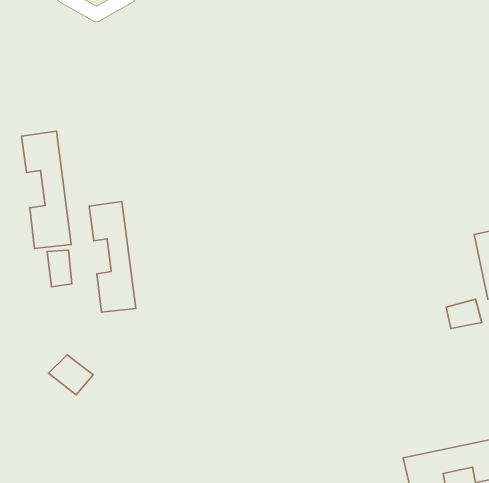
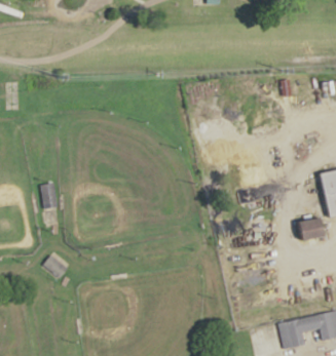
building: [22,131,71,248] -> none
building: [89,202,136,312] -> none

